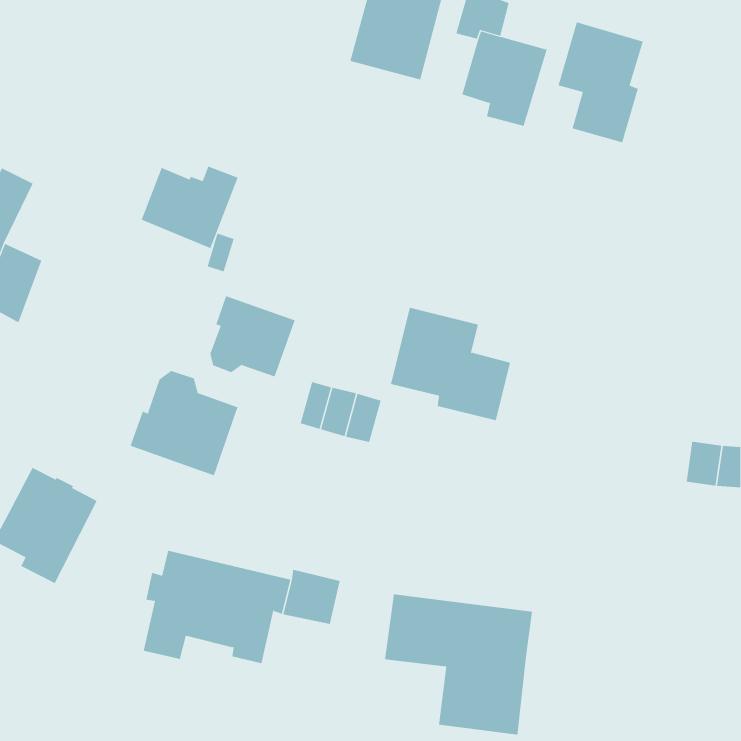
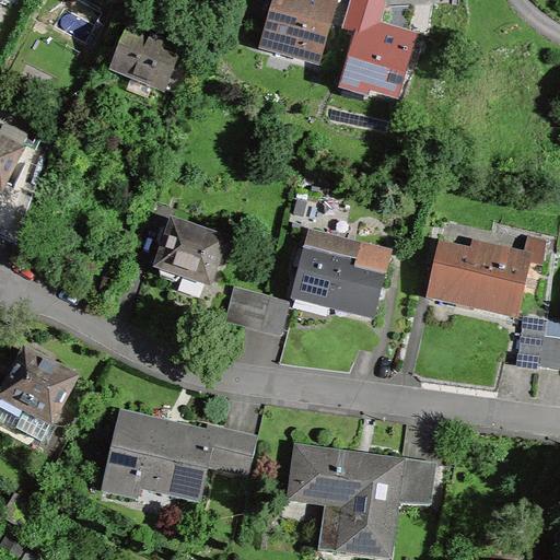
building: [558,21,643,143] -> none
building: [141,166,238,249] -> [109,25,183,88]
building: none -> [430,245,527,315]
building: [130,370,238,476] -> none
building: none -> [396,458,435,498]

